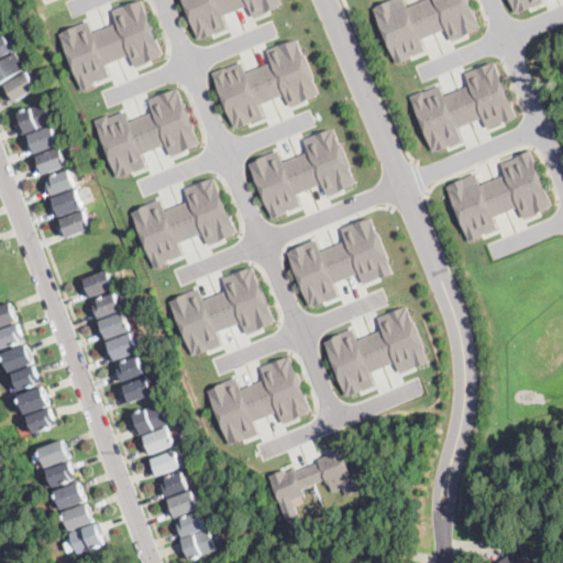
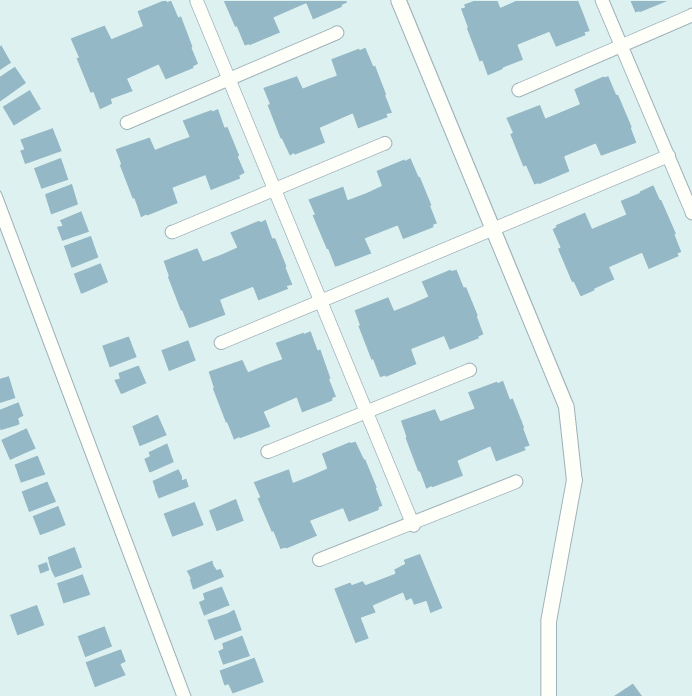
building: [98,313,128,340] -> [160,339,197,372]
building: [142,428,172,455] -> [208,498,245,532]
building: [53,484,82,510] -> [9,604,46,636]

